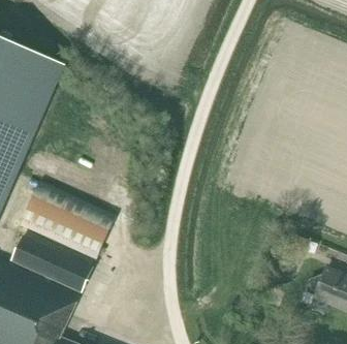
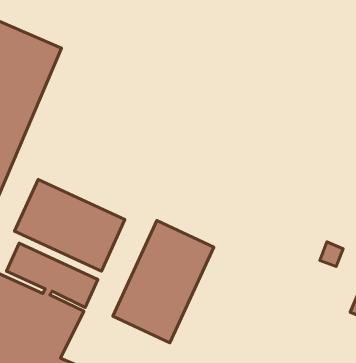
building: none -> [113,221,214,343]

